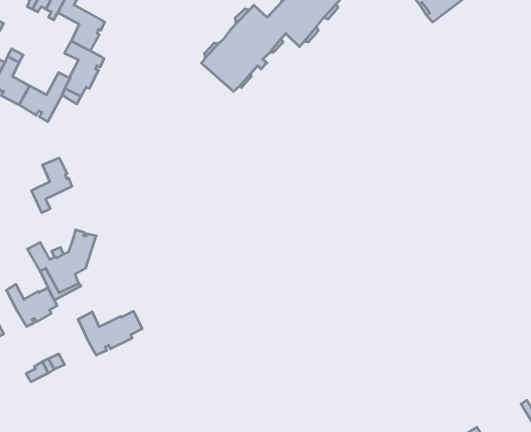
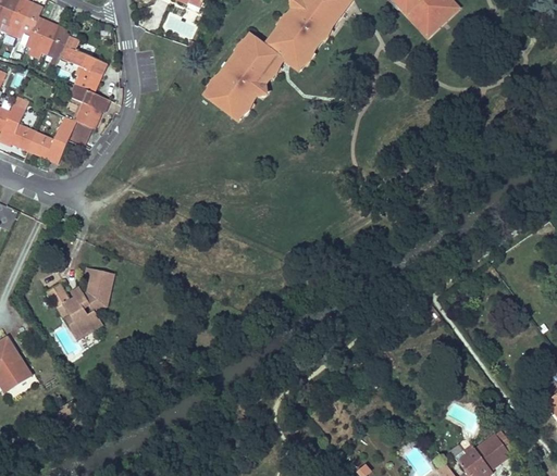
building: [32,158,72,213] -> none
building: [6,284,57,327] -> none
building: [78,311,142,355] -> none

